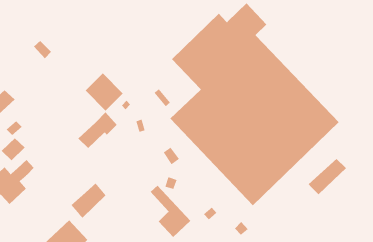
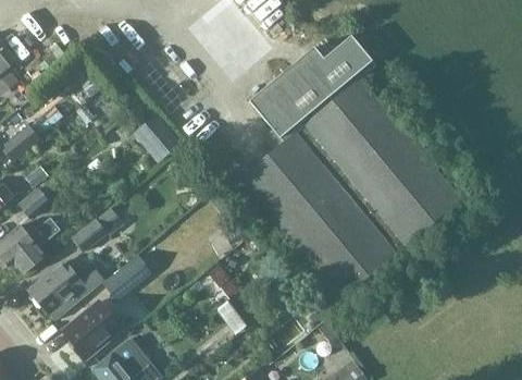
building: [77,112,117,149] -> [71,205,124,252]
building: [308,158,347,195] -> none
building: none -> [28,259,104,319]

